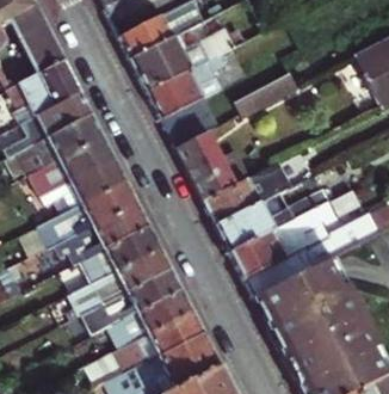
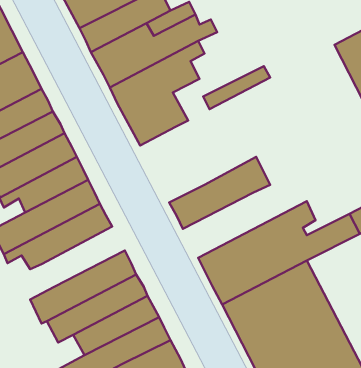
building: [173,129,234,201] -> none
building: [214,185,331,253] -> none
building: [80,223,159,281] -> none

